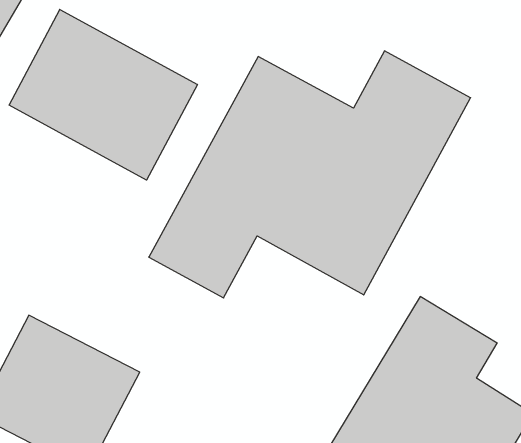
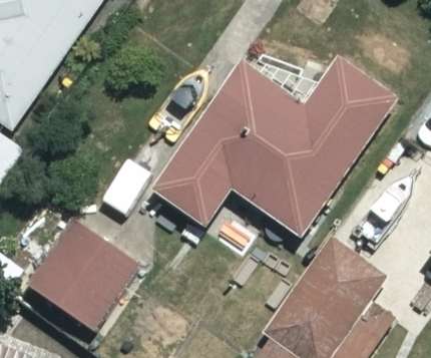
building: [9,9,197,180] -> none

